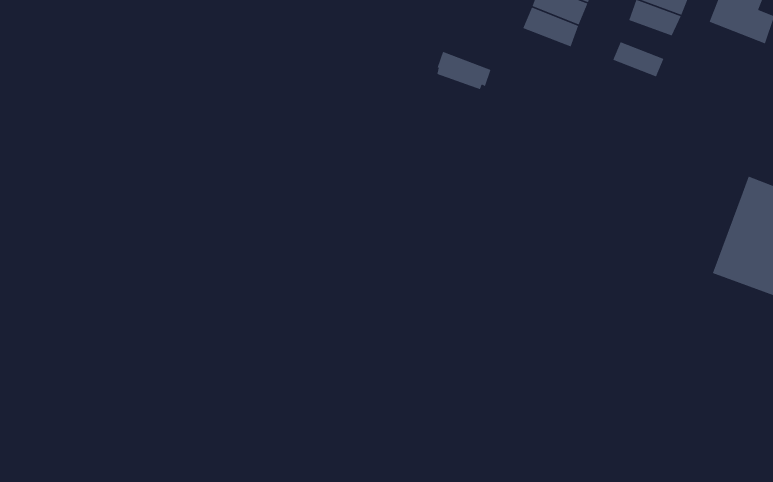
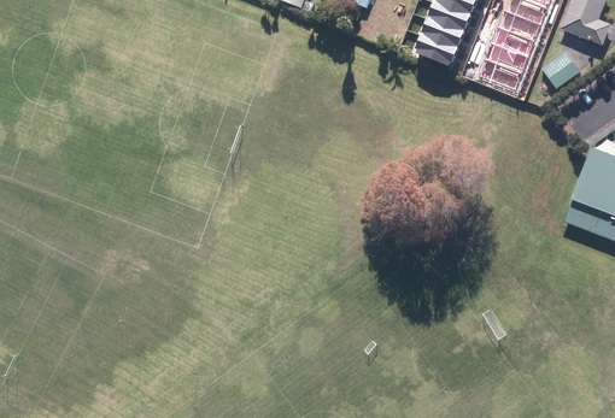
building: none -> [493,28,533,57]
building: [436,51,492,90] -> [414,34,456,64]
building: none -> [543,52,581,89]
building: none -> [481,58,521,88]

